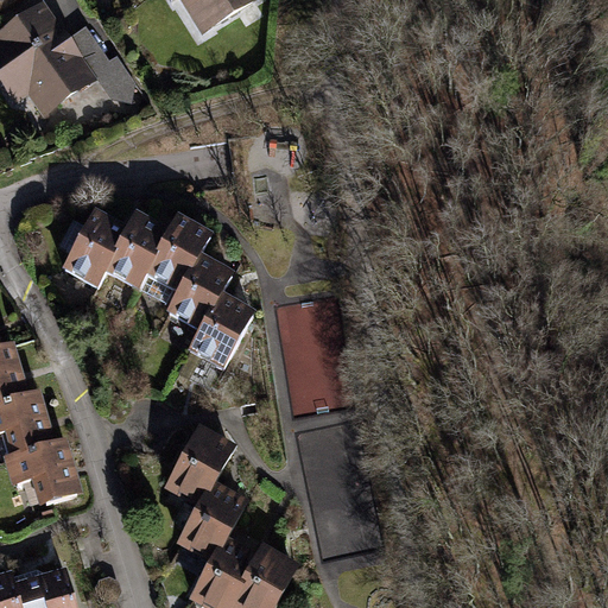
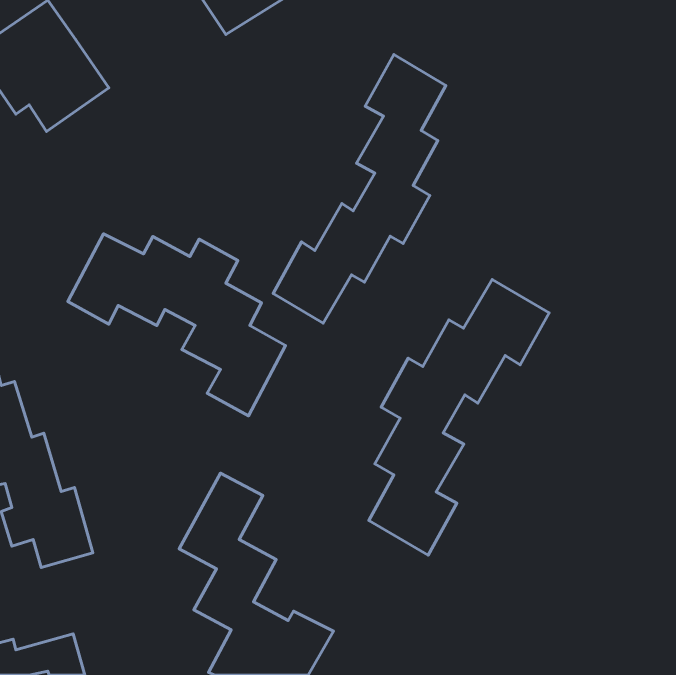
building: [68,25,134,102] -> none
building: none -> [273,55,446,323]
building: none -> [369,280,549,555]

